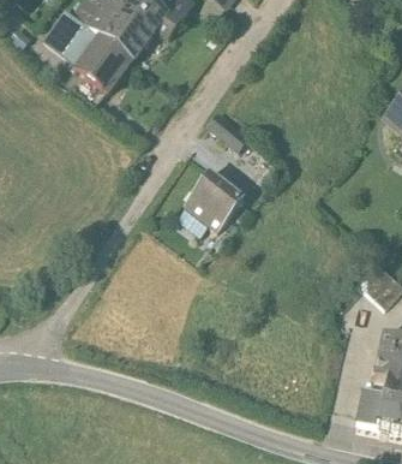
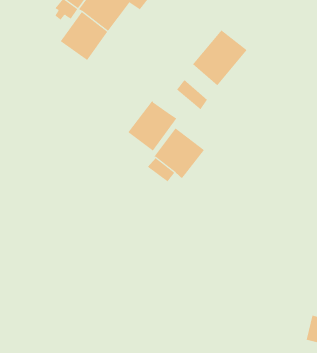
building: none -> [192,30,248,86]
building: none -> [128,100,177,152]

